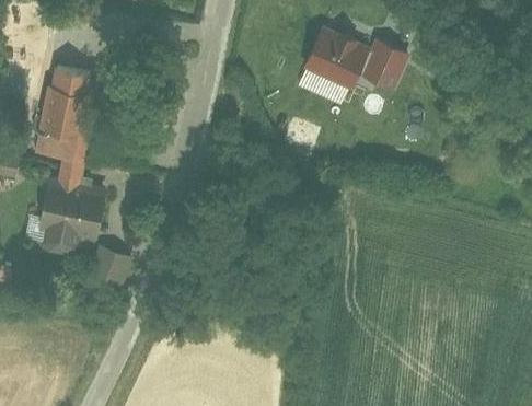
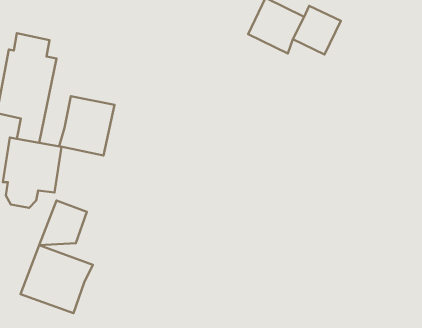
building: none -> [59,96,114,155]
building: none -> [21,245,93,313]

